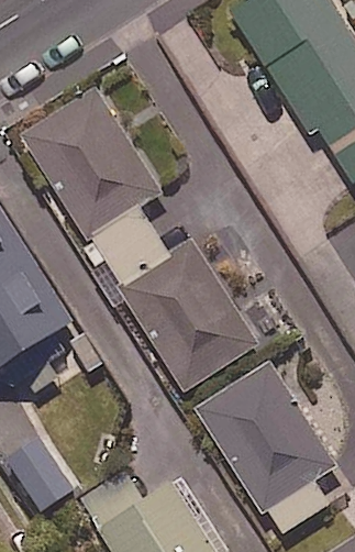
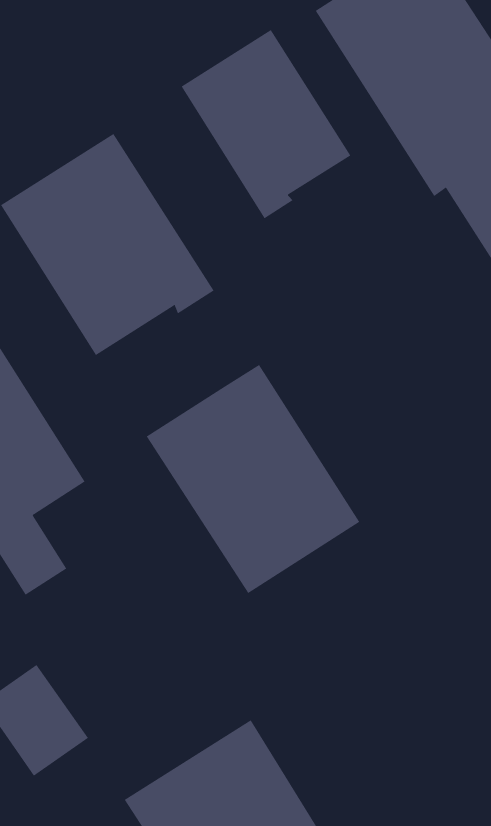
building: none -> [181,29,351,219]
building: [84,202,168,288] -> none
building: [195,362,335,537] -> none

